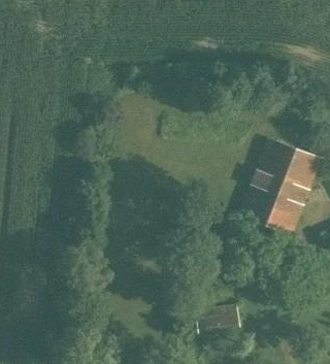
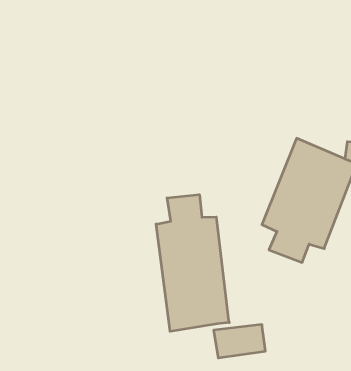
building: none -> [156,195,229,331]

